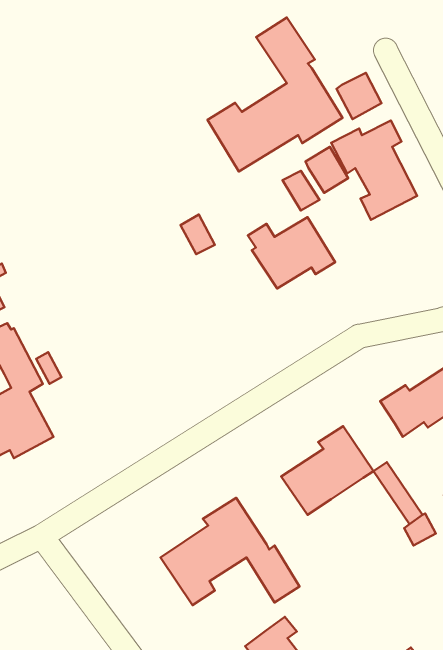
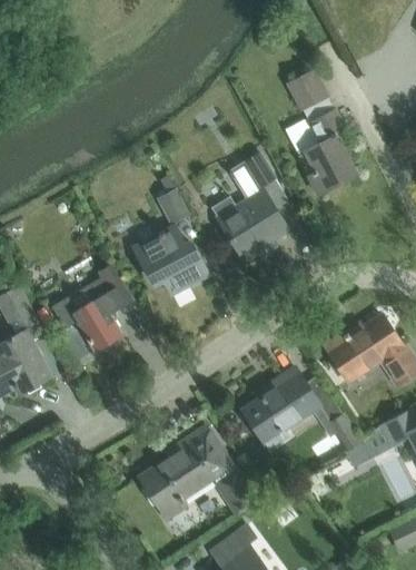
building: [208,18,342,171] -> none
building: [306,147,348,193] -> none
building: none -> [135,228,207,294]
building: none -> [50,266,132,353]

